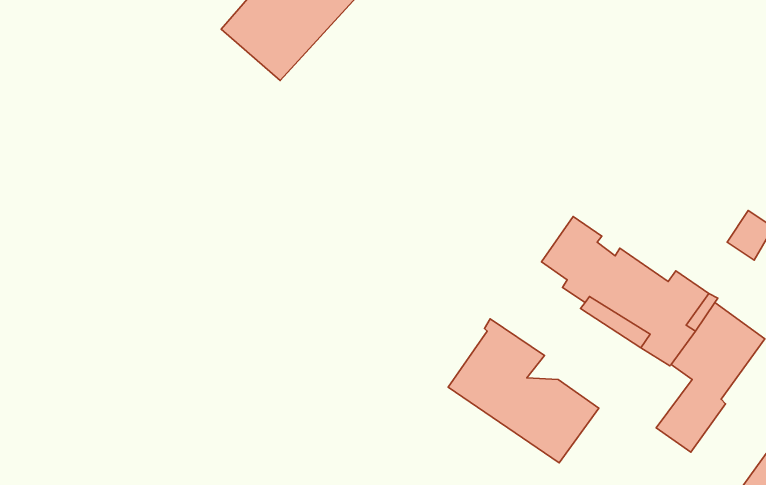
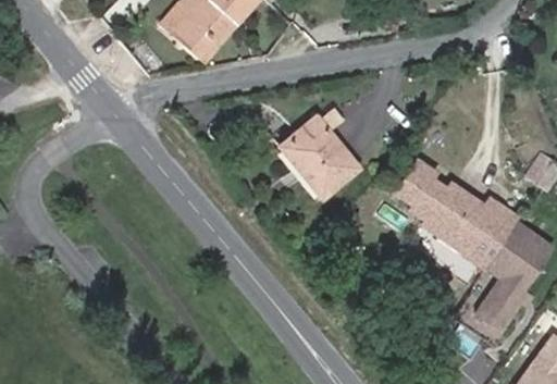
building: none -> [278,115,358,198]
building: [448,319,599,463] -> none

